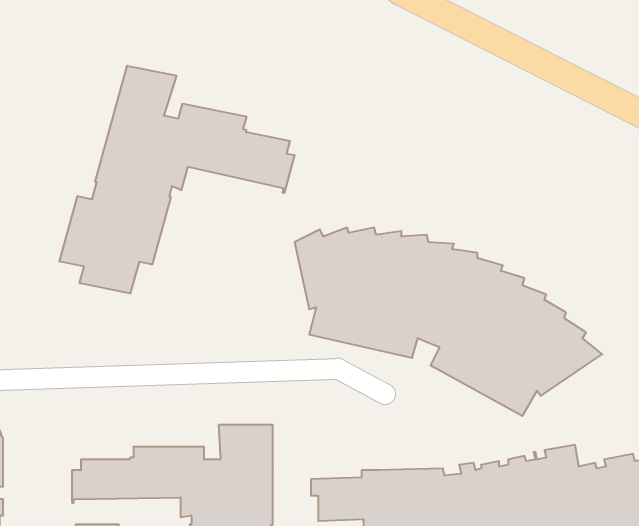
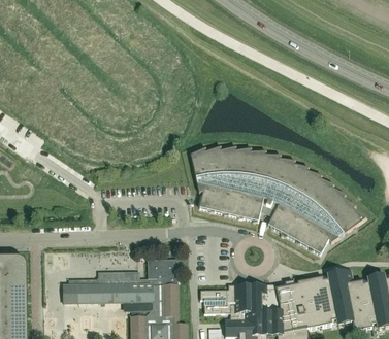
building: [60,66,295,294] -> none

